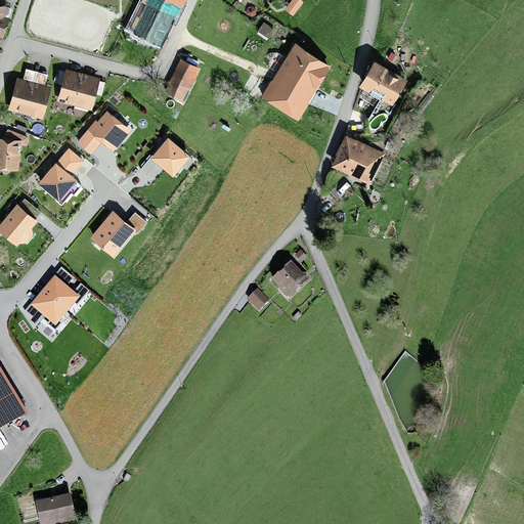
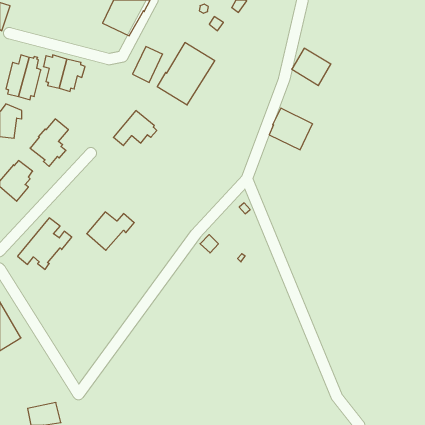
building: [260,42,331,119] -> [157,43,215,105]
building: [76,103,131,154] -> none
building: [89,209,147,256] -> [87,212,134,250]
building: [270,262,308,301] -> none

